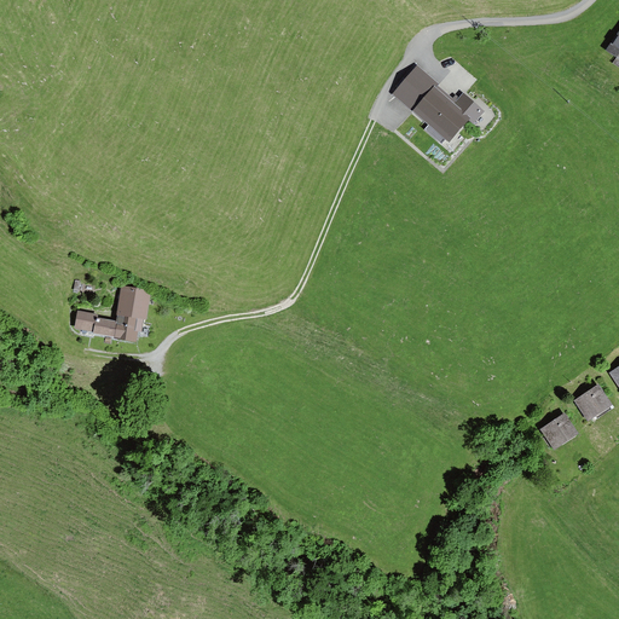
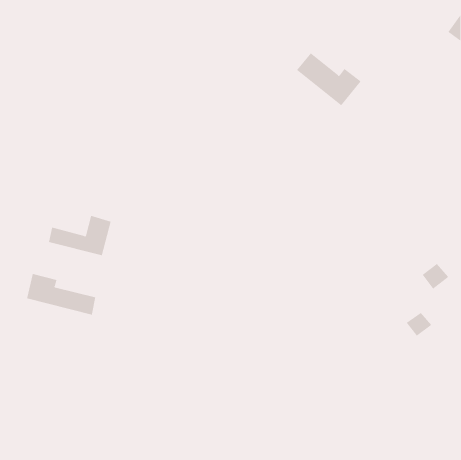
building: none -> [26,273,96,315]
building: [574,387,611,422] -> [422,263,449,289]

